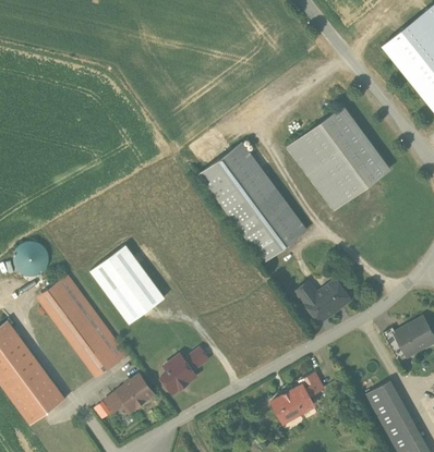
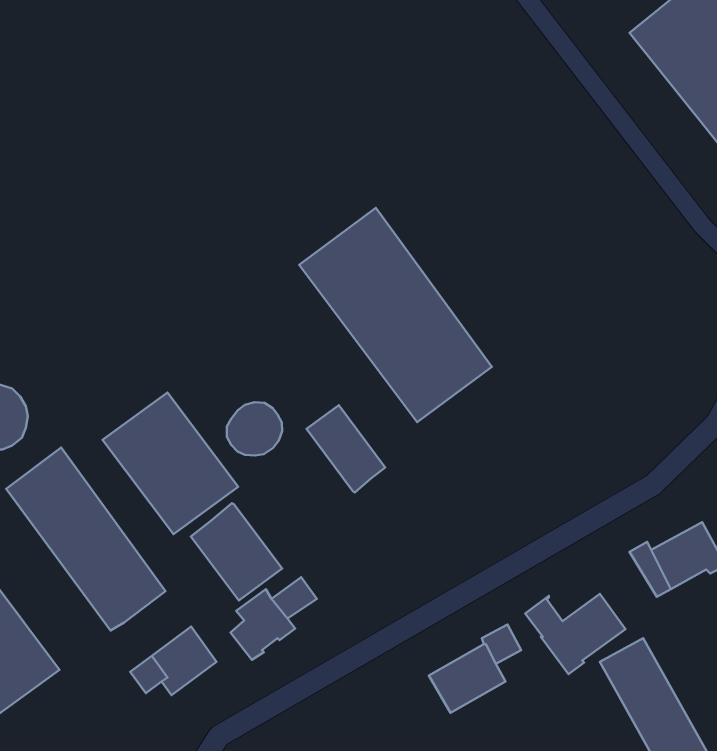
building: [287,106,389,210] -> none
building: none -> [227,402,282,456]
building: none -> [307,405,385,492]
building: [294,280,350,325] -> [525,594,626,674]
building: none -> [191,503,282,600]

